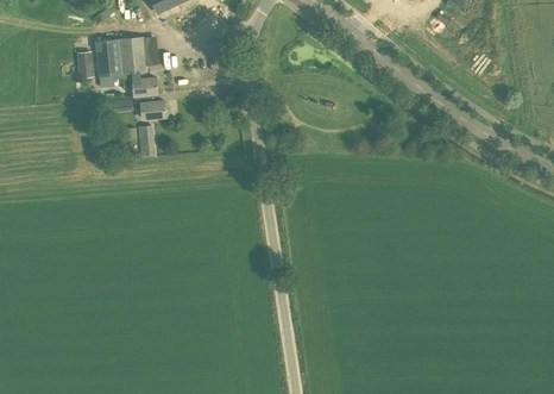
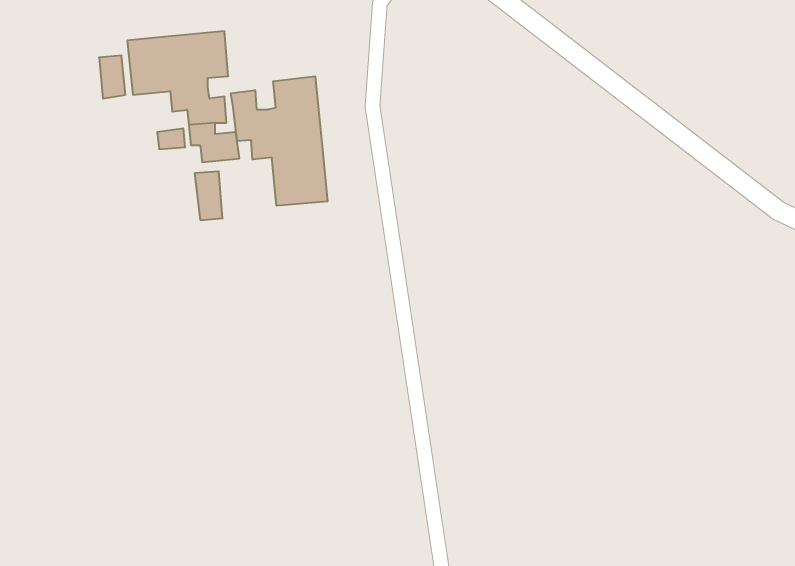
building: none -> [231,76,328,206]

